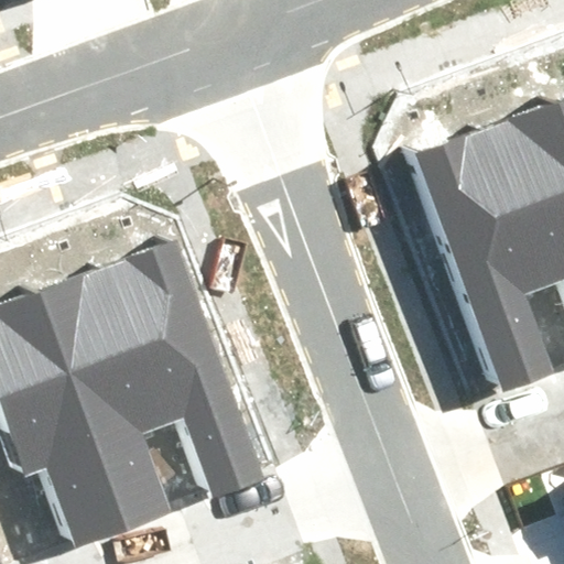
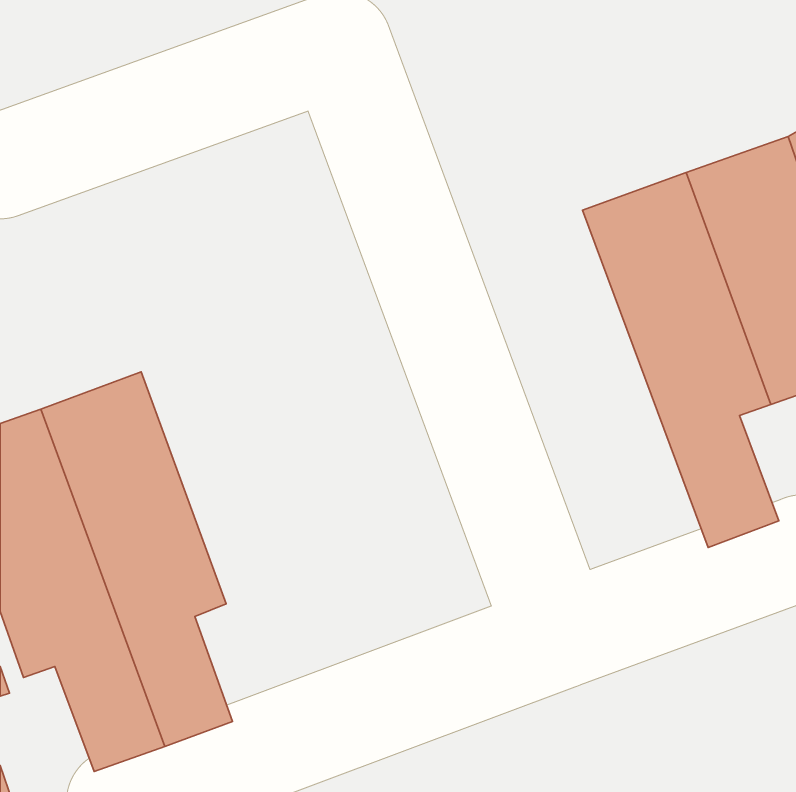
building: [104,241,263,498] -> none

